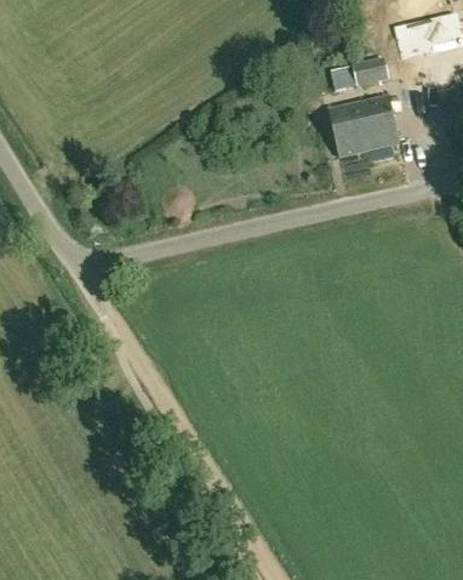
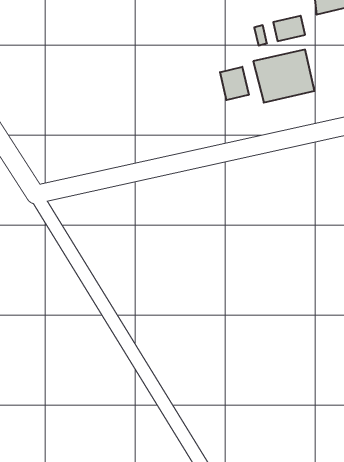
building: none -> [220,67,249,100]

